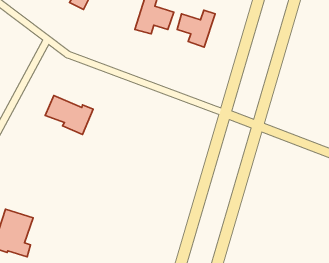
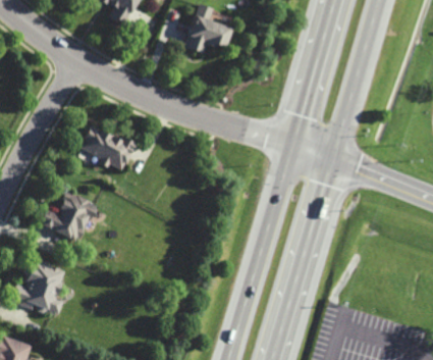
building: [177,10,215,47] -> none
building: none -> [39,191,97,242]

